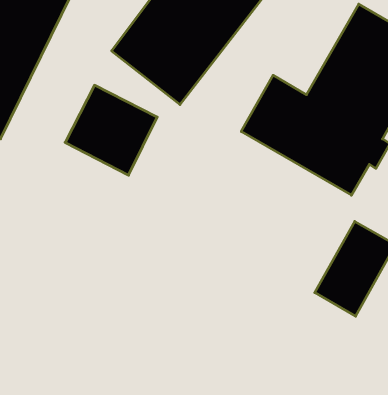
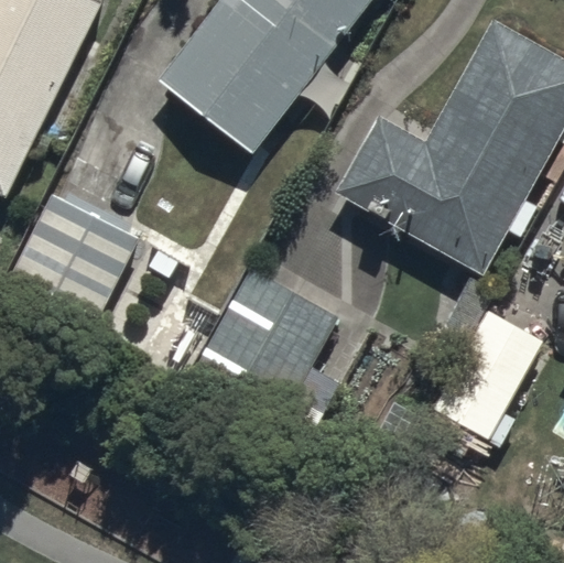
building: [65,85,157,175] -> [15,196,140,317]
building: none -> [192,269,339,440]

